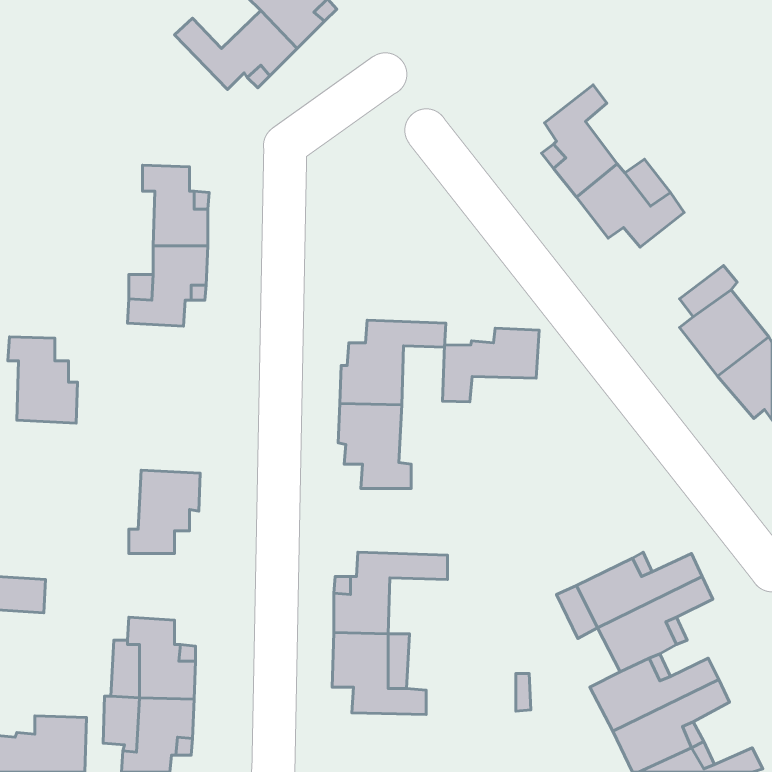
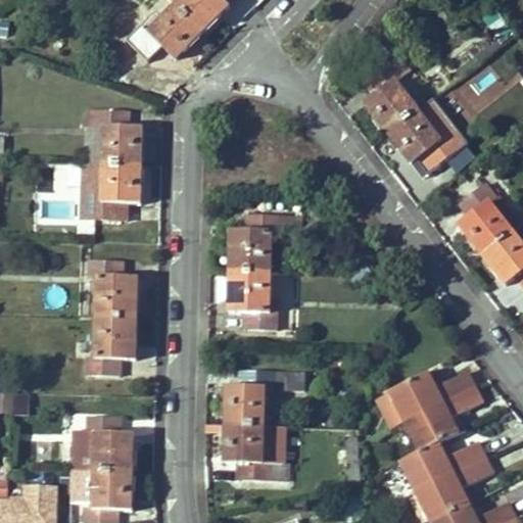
building: [442,328,539,402] -> none
building: [8,337,78,423] -> [89,260,136,319]

